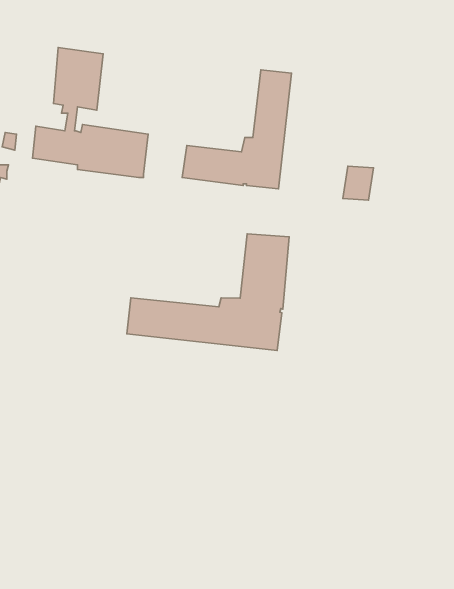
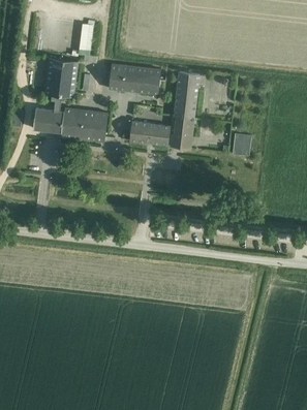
building: none -> [109,64,160,94]
building: [127,234,289,350] -> none

